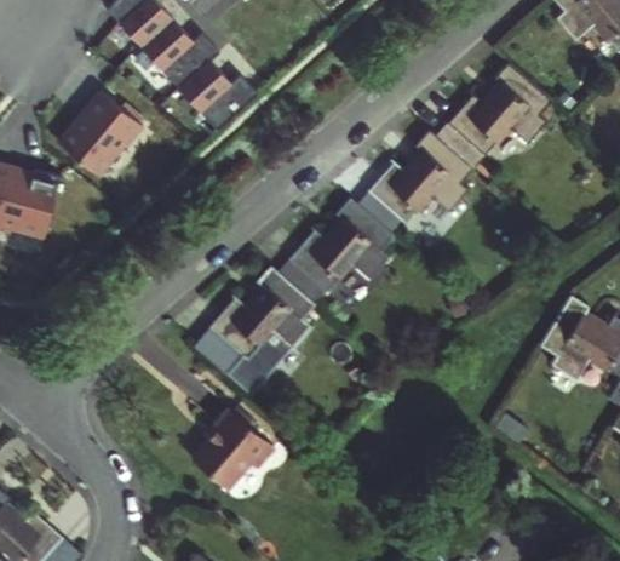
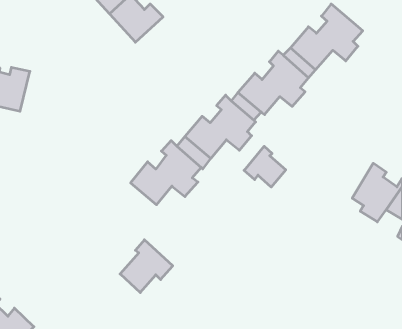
building: [57,80,140,164] -> none
building: none -> [244,146,286,187]
building: [191,330,258,393] -> none

